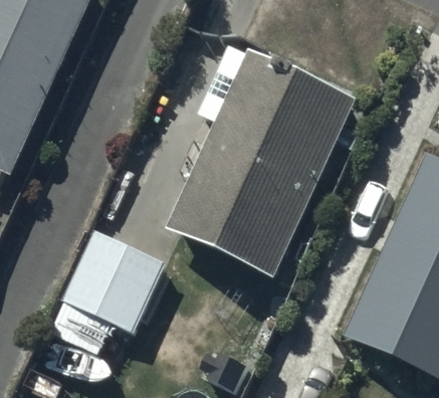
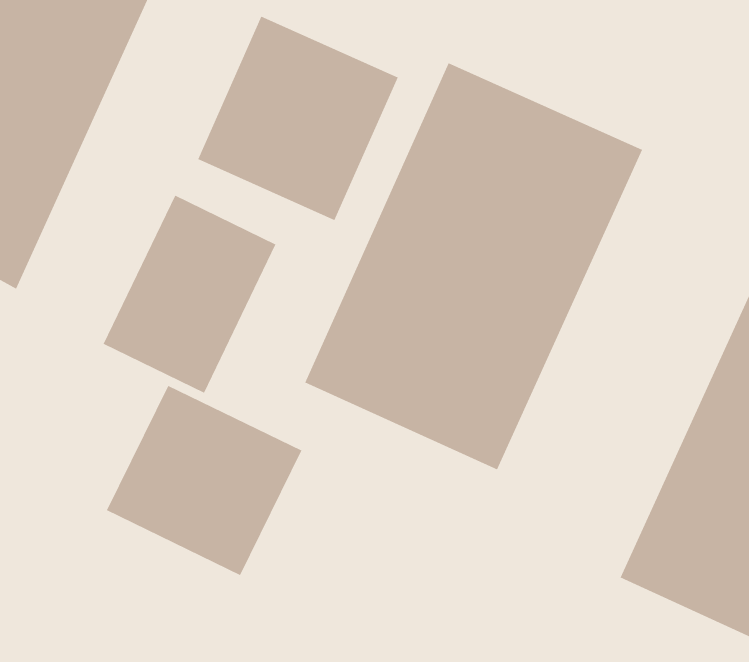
building: none -> [197,15,399,221]
building: none -> [102,195,277,394]

